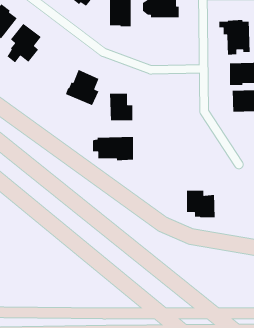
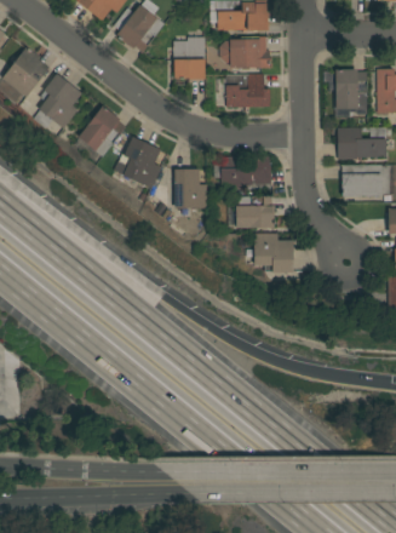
building: none -> [226,75,270,108]
building: none -> [79,107,126,157]
building: none -> [235,196,275,229]
building: [92,136,134,161] -> [214,156,271,190]
building: [186,190,216,218] -> [254,234,294,273]

